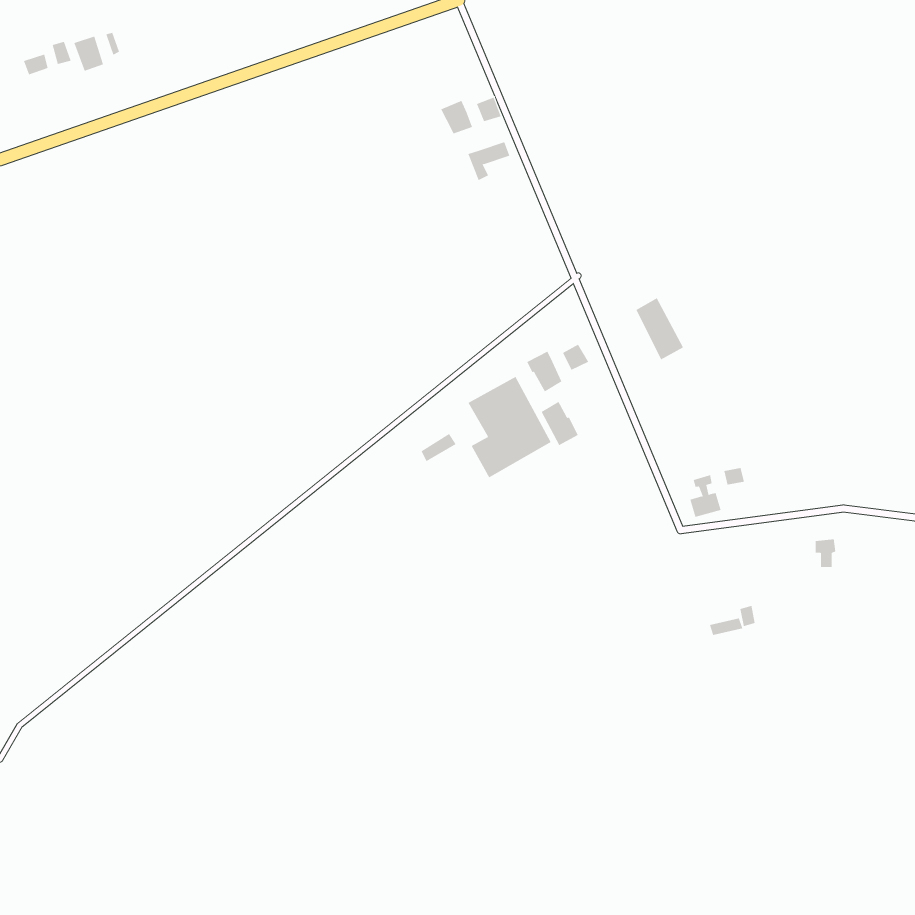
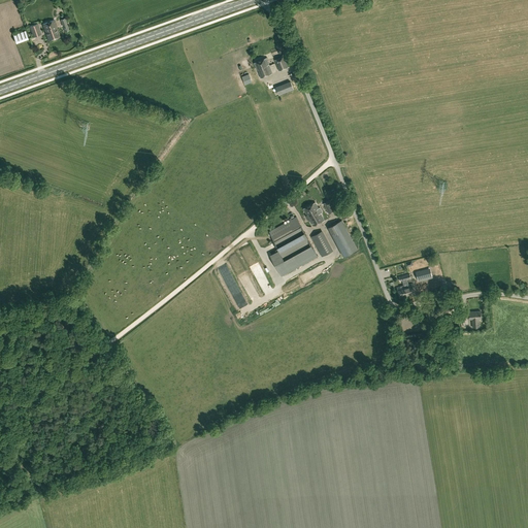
building: [636,297,684,360] -> [328,221,356,257]

